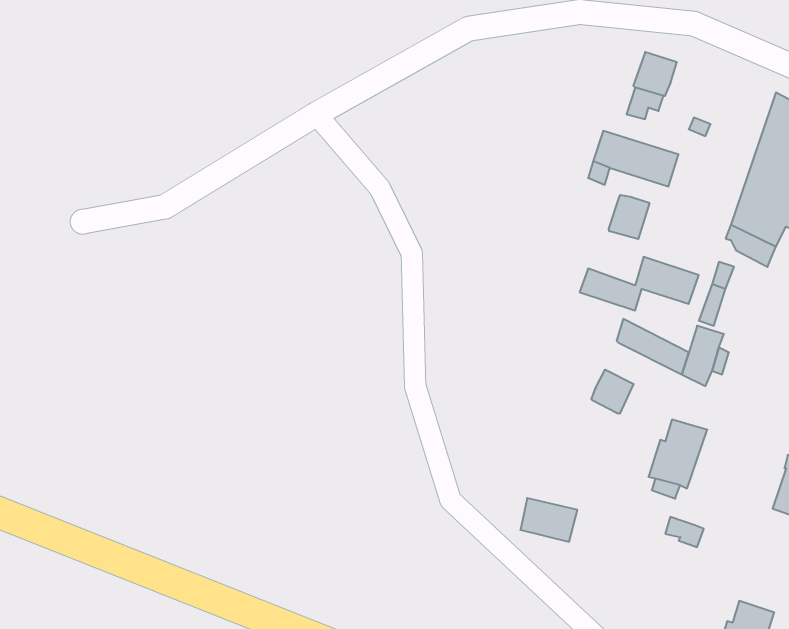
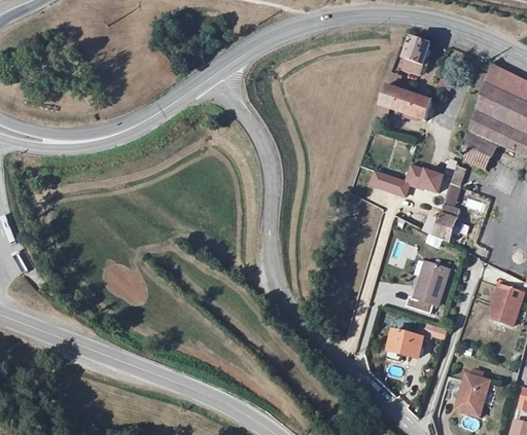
building: [609,195,649,239] -> none
building: [591,370,634,414] -> none
building: [520,498,577,542] -> [388,329,423,356]

